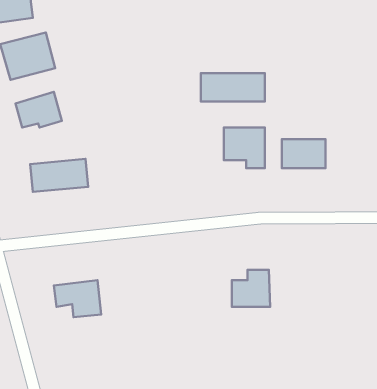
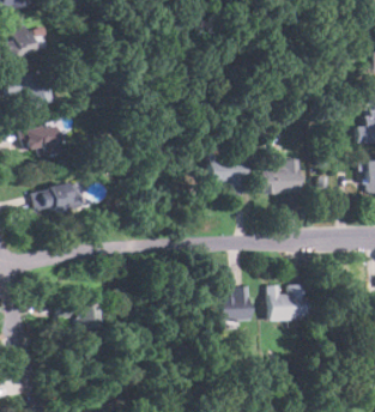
building: [201,73,265,102] -> none
building: none -> [268,284,308,319]

